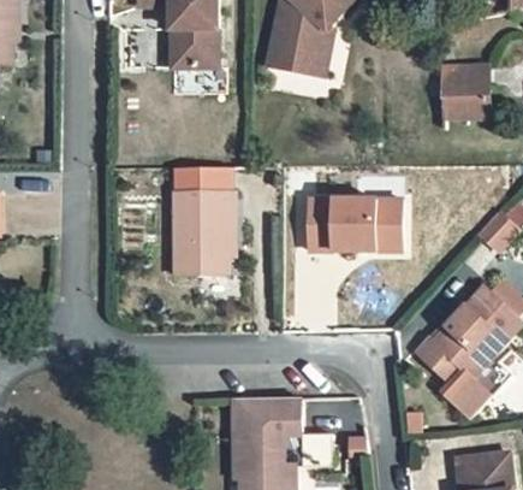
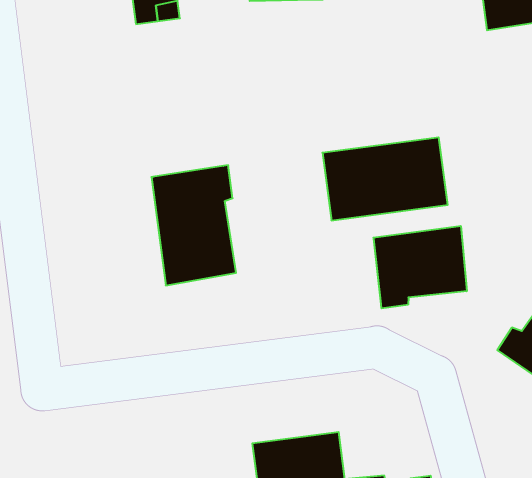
building: [178,166,232,191] -> none
building: none -> [373,226,467,308]

